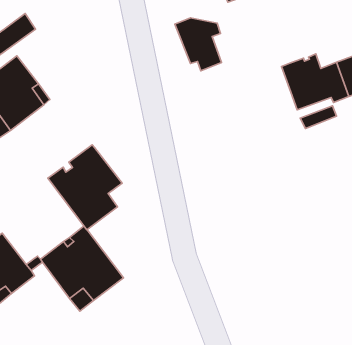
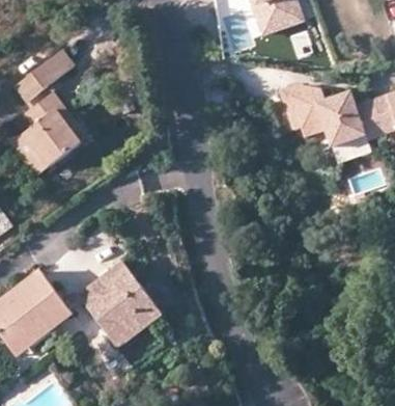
building: [175,18,221,71] -> [281,84,328,137]
building: [48,145,122,230] -> none

